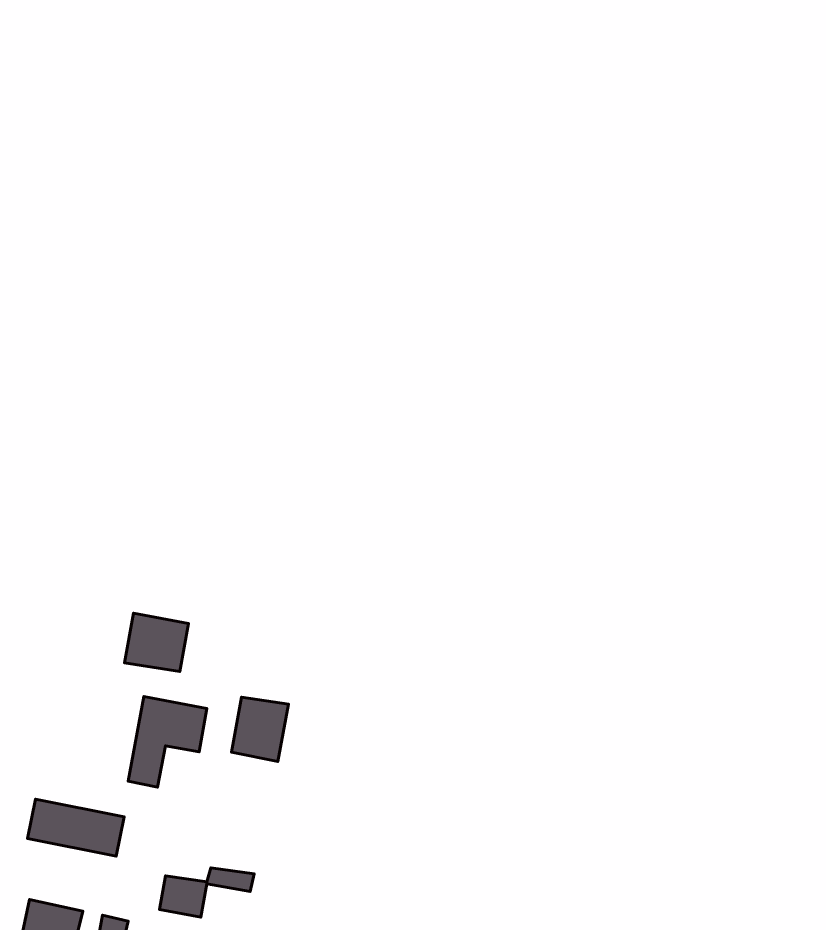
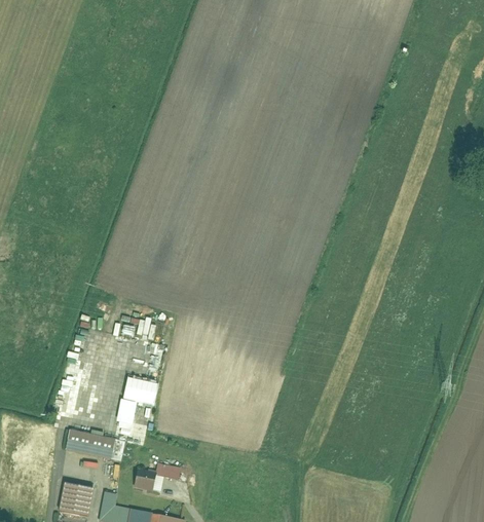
building: [124,613,188,672] -> none
building: [232,697,288,761] -> none

